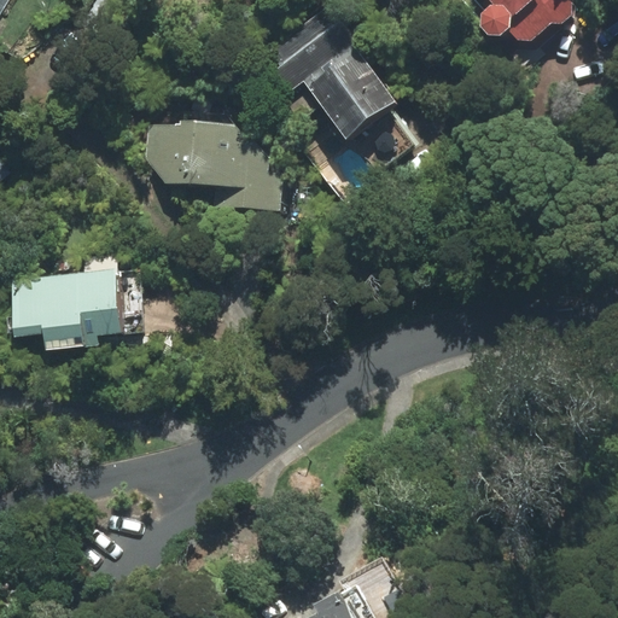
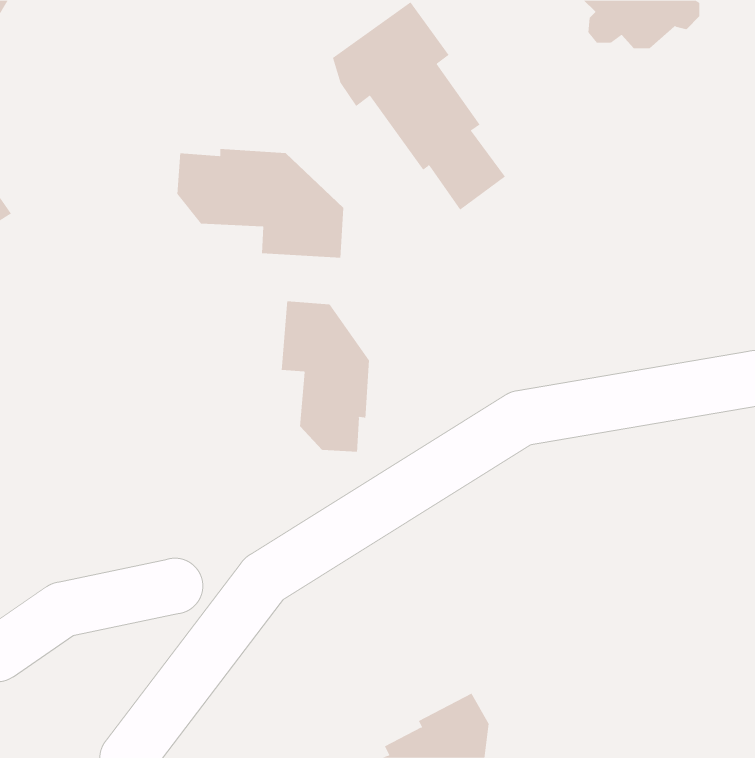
building: none -> [281,301,370,453]
building: [10,252,144,349] -> none

